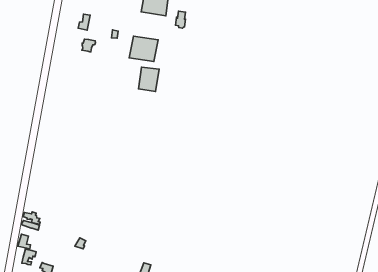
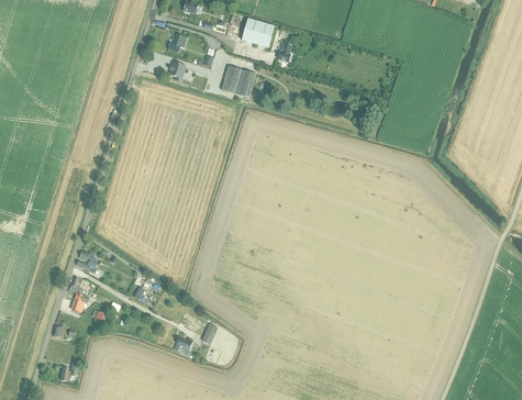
building: [138,67,159,92] -> none

